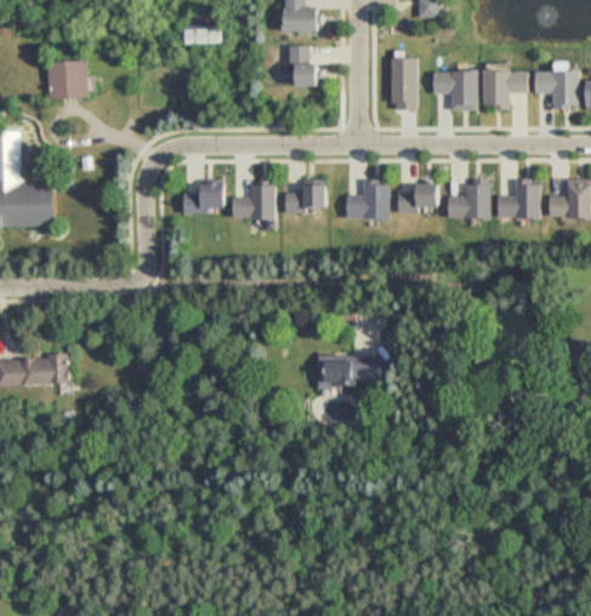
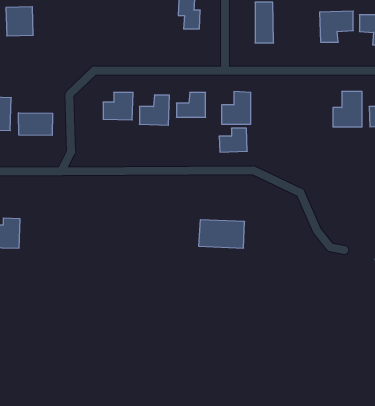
building: [434,64,477,116] -> none
building: [449,178,494,216] -> none
building: [399,179,438,212] -> [219,128,247,152]
building: none -> [19,113,53,135]

